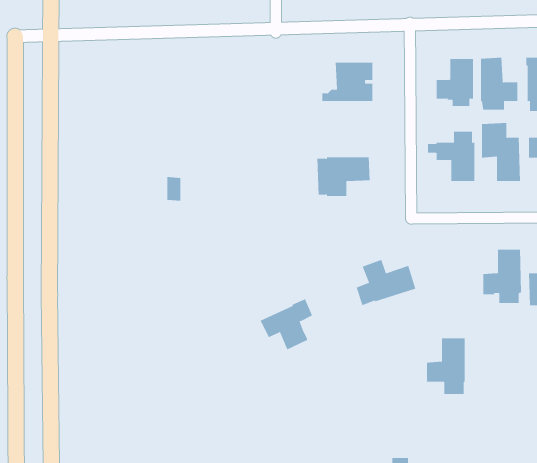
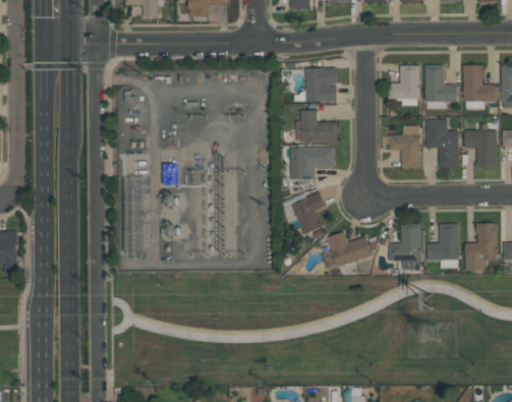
building: none -> [295,109,337,141]
building: [260,298,313,350] -> [281,190,325,233]
building: [426,338,466,394] -> [388,223,420,270]

